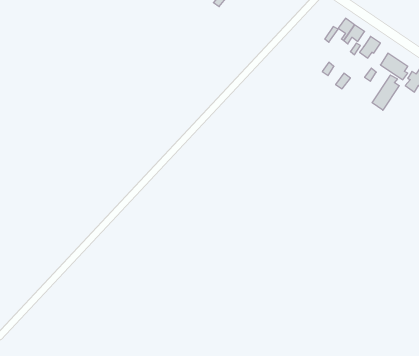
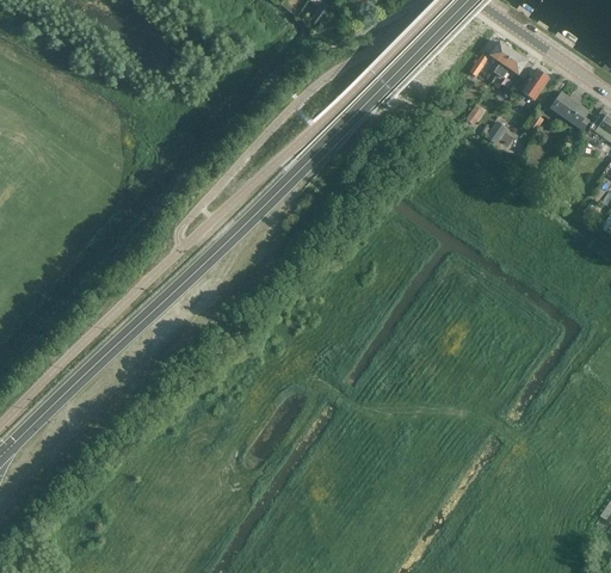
building: [372,75,399,110] -> none

